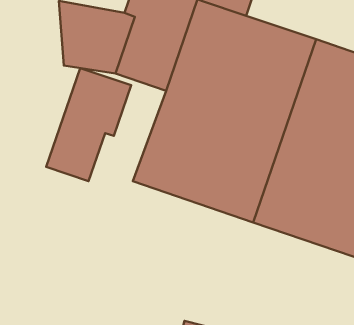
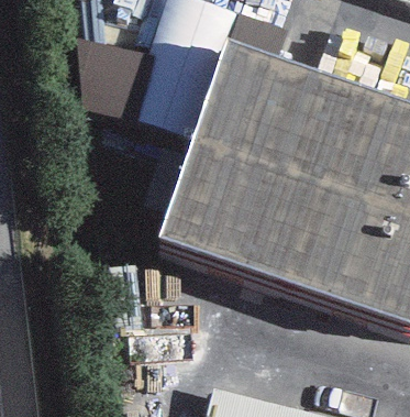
building: [46,68,131,181] -> none

